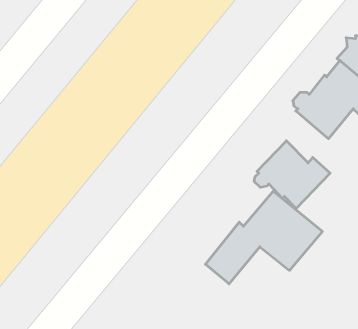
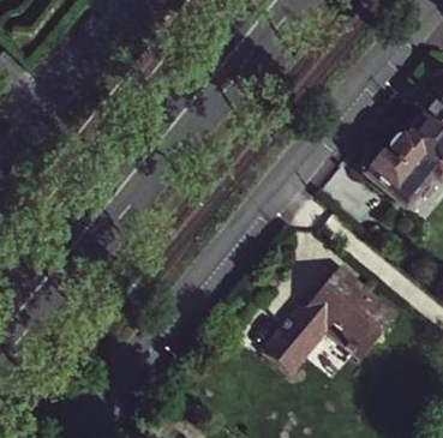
building: [254,141,330,208] -> none

